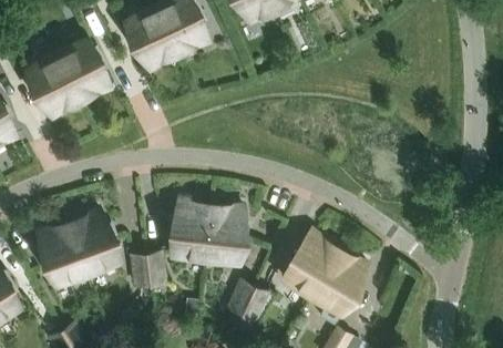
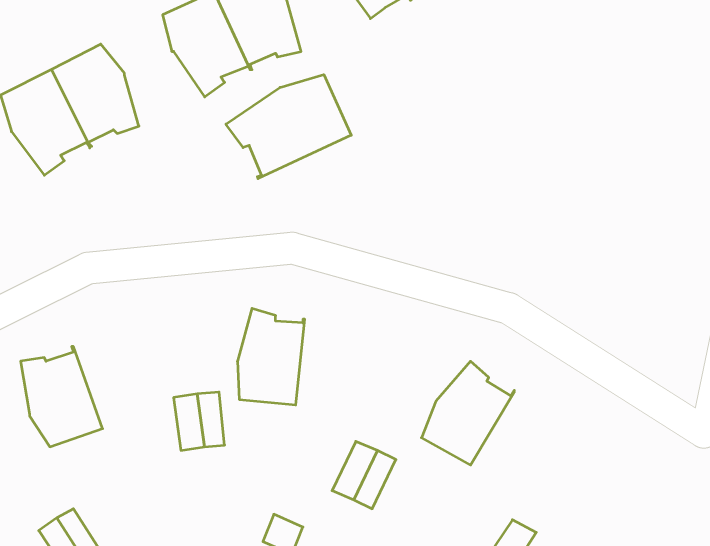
building: none -> [226,75,351,179]
building: [206,206,246,263] -> none
building: [71,209,121,273] -> none
building: [312,250,368,326] -> none

